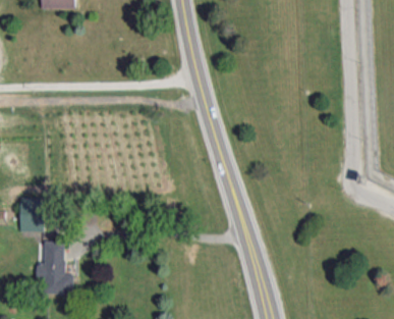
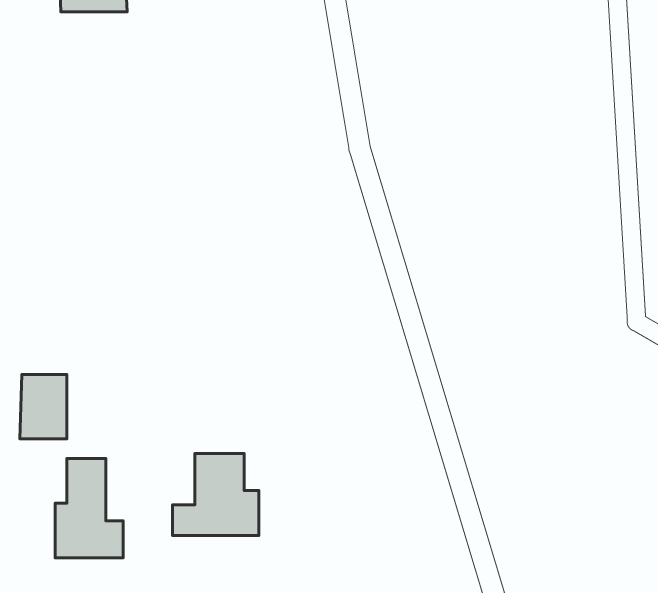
building: none -> [173,453,259,536]

